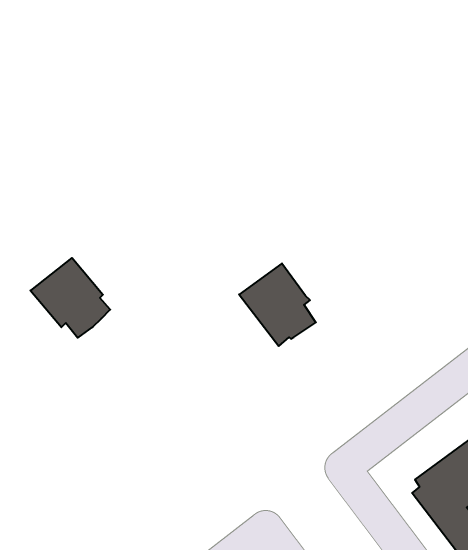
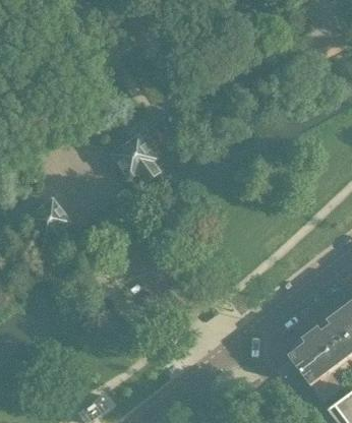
building: [239,263,316,346] -> [105,131,158,188]

